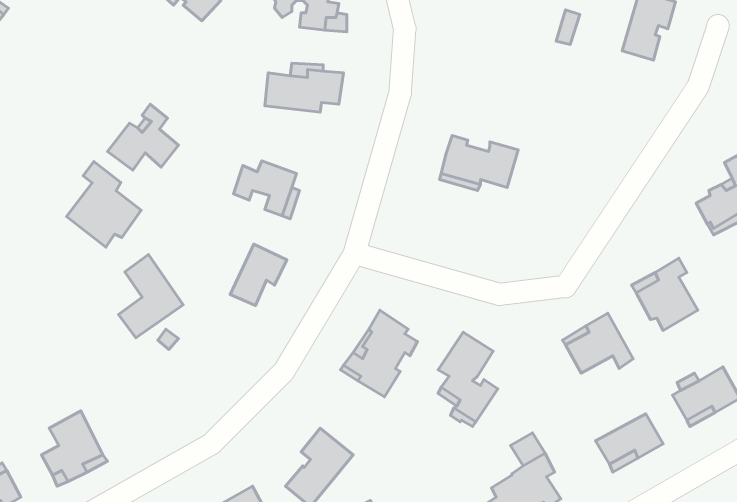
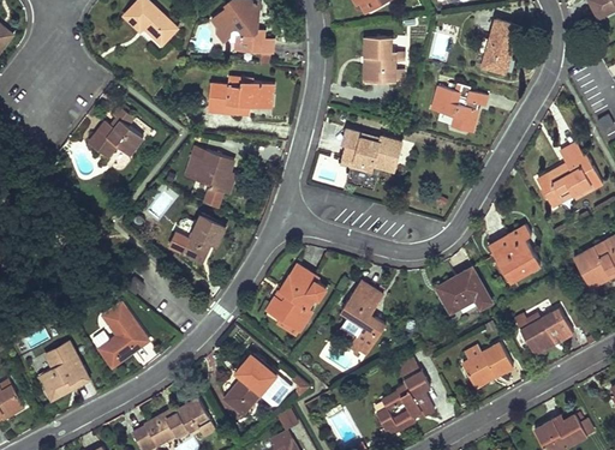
building: none -> [365,37,395,82]
building: none -> [432,84,489,132]
building: [67,161,141,247] -> none
building: [119,255,183,338] -> [98,302,148,366]

